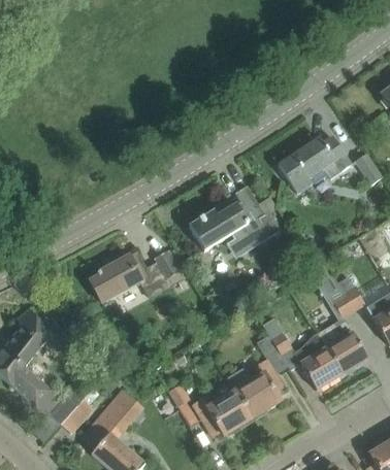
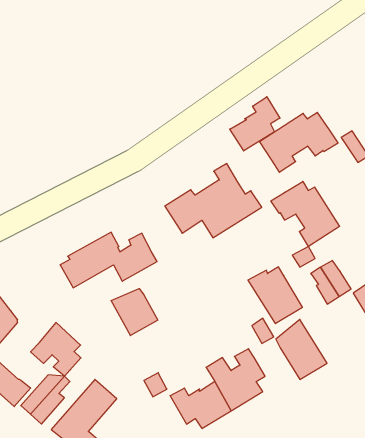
building: none -> [230,97,280,151]
building: none -> [271,181,340,246]
building: none -> [111,289,158,336]
building: [316,321,367,374] -> [248,267,302,324]
building: none -> [31,323,81,376]

